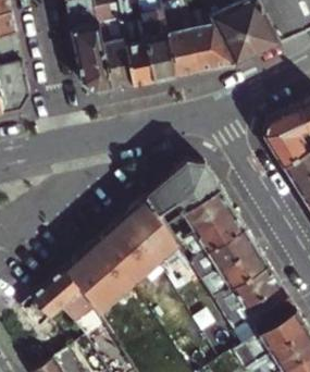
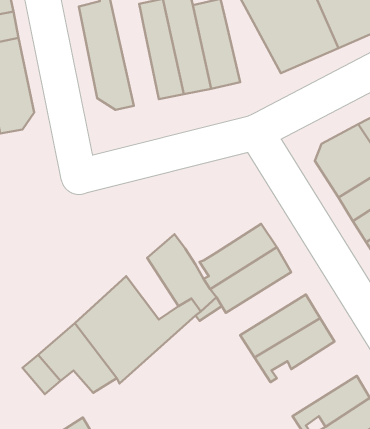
building: [187,9,234,69] -> none
building: [98,20,133,88] -> none
building: [146,160,218,210] -> none
building: [106,214,149,265] -> none
building: [188,226,255,278] -> none
building: [225,284,297,346] -> none

